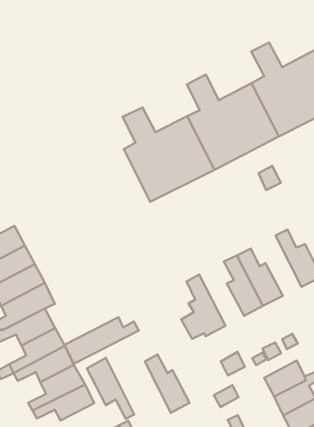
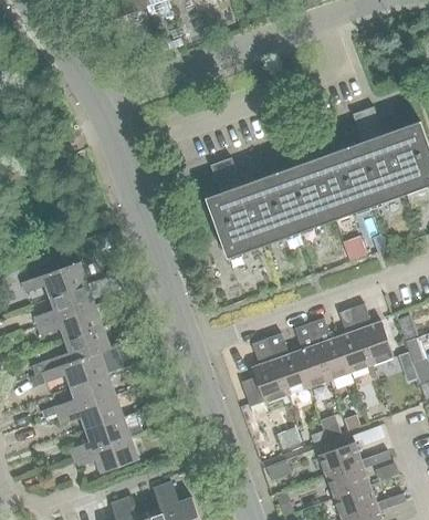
building: none -> [337,309,372,373]
building: [64,317,139,364] -> none
building: [145,354,190,413] -> [266,333,307,396]
building: [87,358,134,419] -> none

